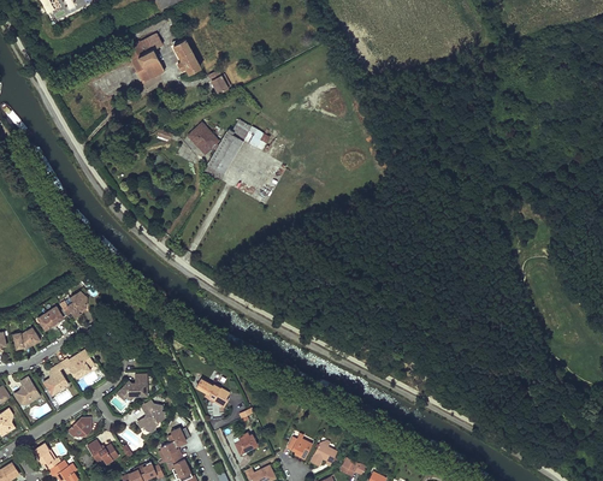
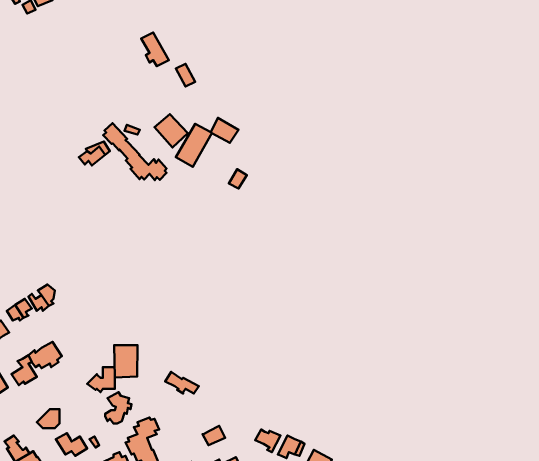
building: [126,34,165,82] -> none
building: none -> [103,123,167,180]
building: none -> [114,345,137,378]

